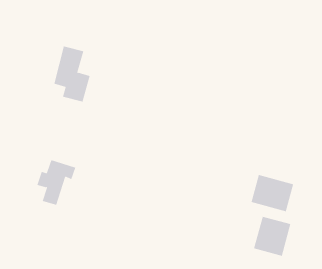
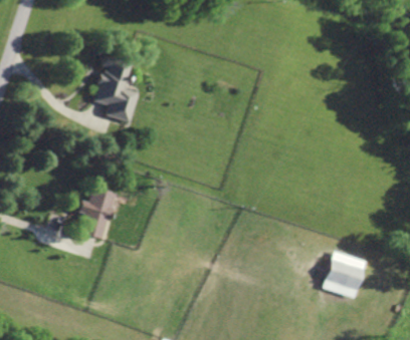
building: [251,174,294,212] -> none

